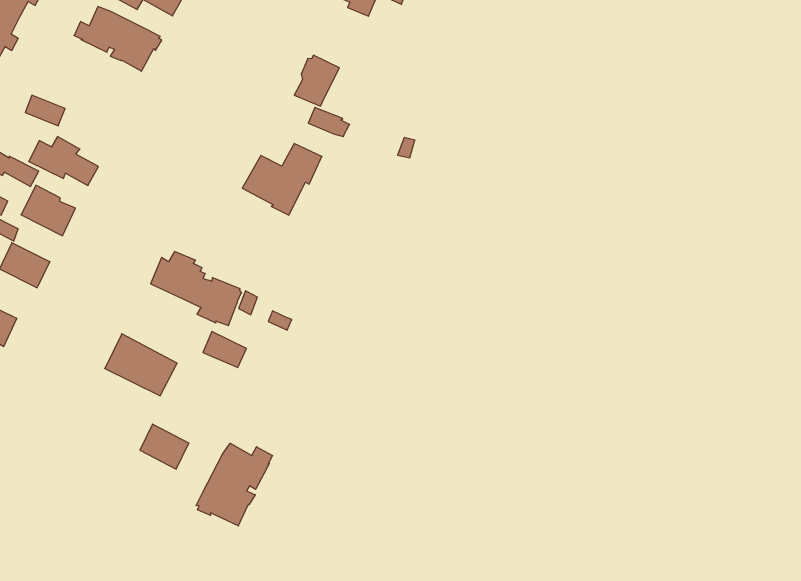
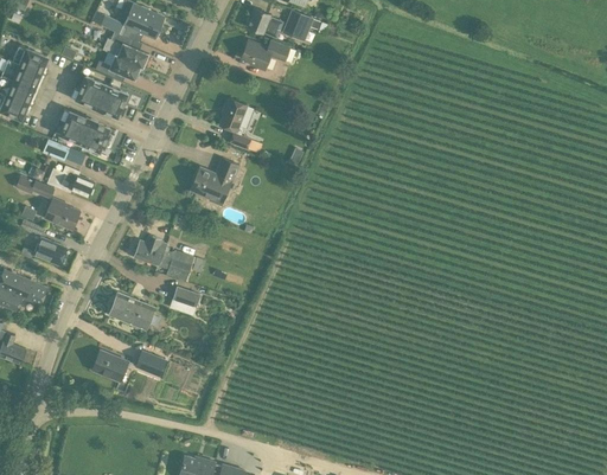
building: none -> [60,109,110,152]
building: none -> [92,349,128,381]
building: [196,443,273,526] -> none

